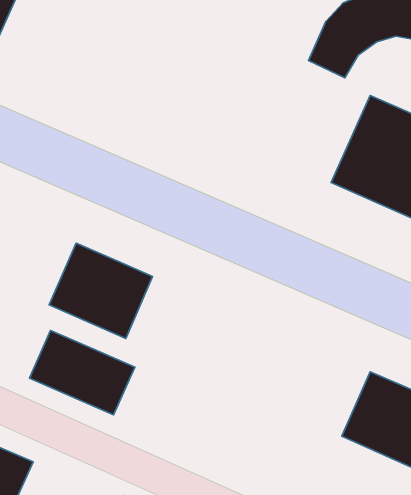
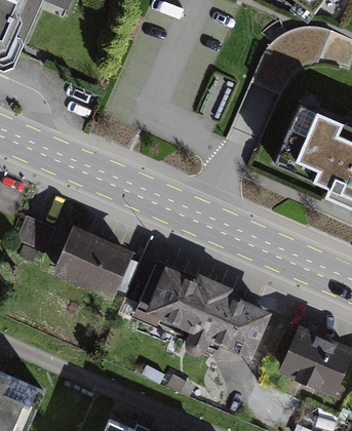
building: none -> [136,261,271,357]
building: [29,330,135,415] -> none

